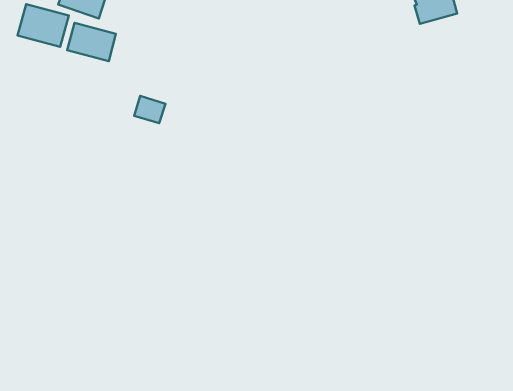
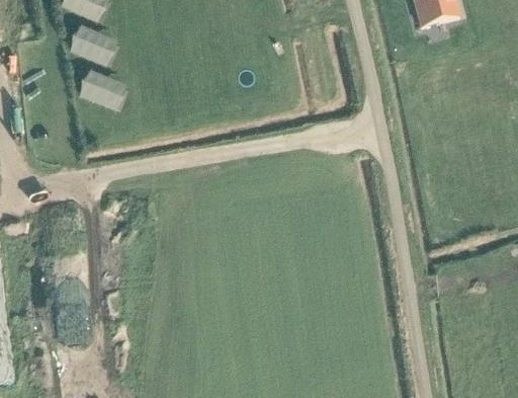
building: [17,4,69,47] -> none
building: [134,96,165,123] -> [83,71,114,98]

